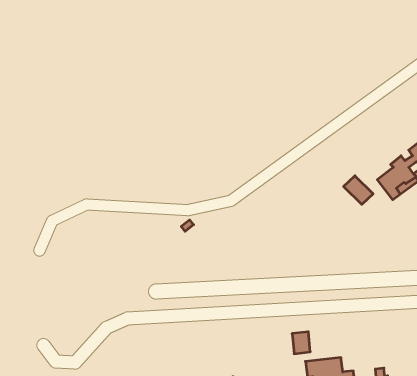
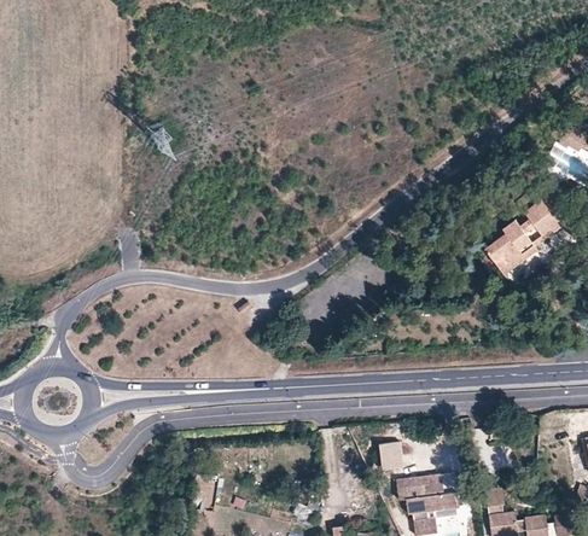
building: [344,176,373,204] -> none

